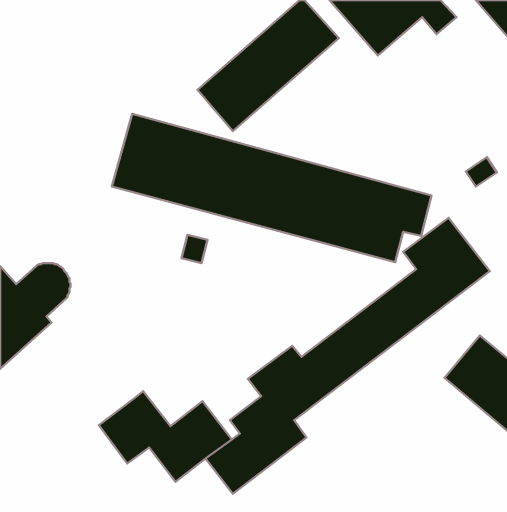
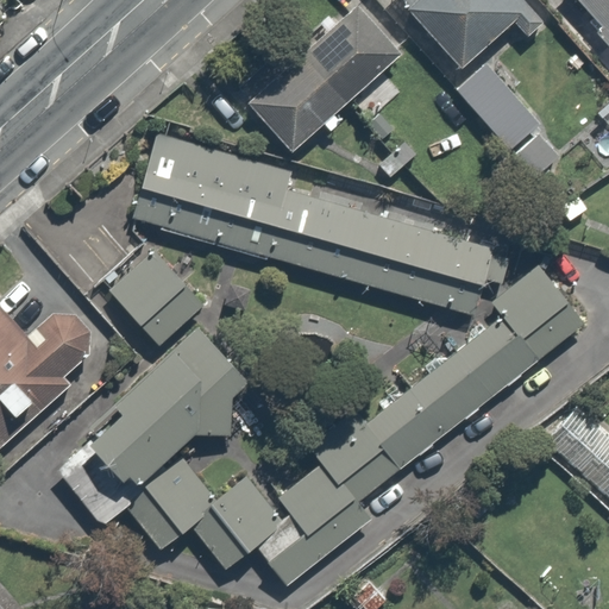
building: none -> [457,63,560,180]
building: none -> [106,251,199,346]
building: none -> [54,327,247,526]

